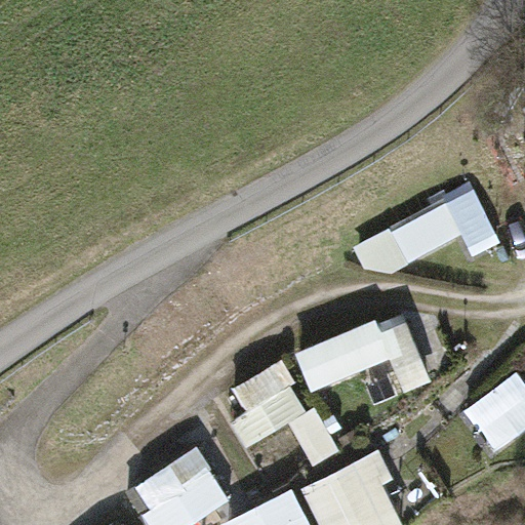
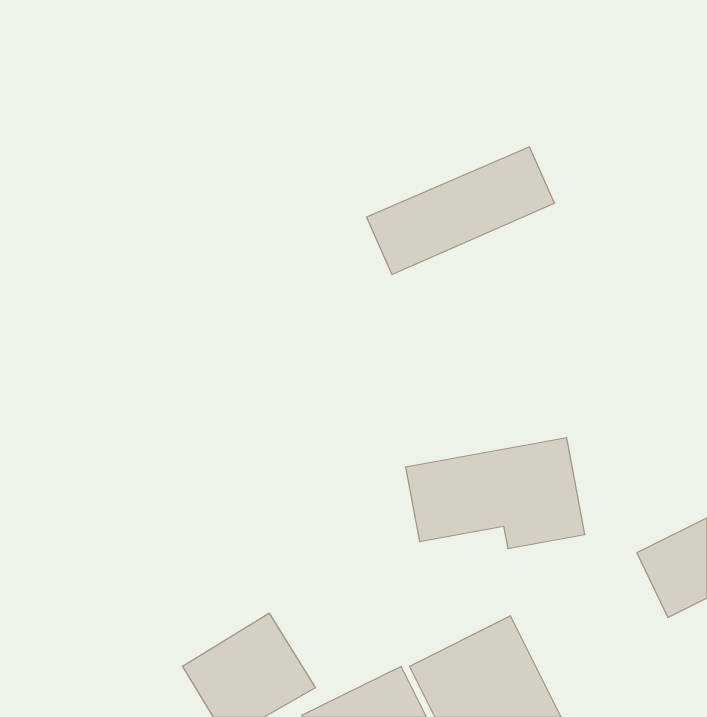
building: [353,188,490,281] -> [367,147,555,275]
building: [227,364,309,444] -> none

